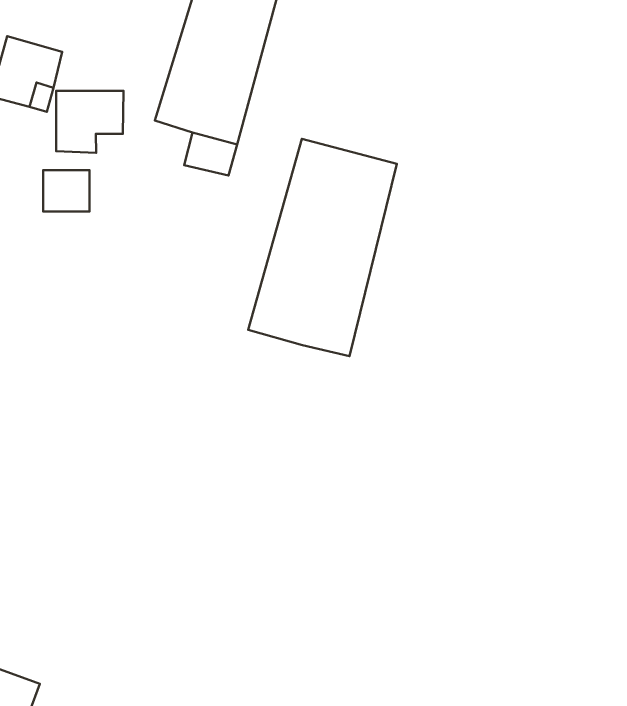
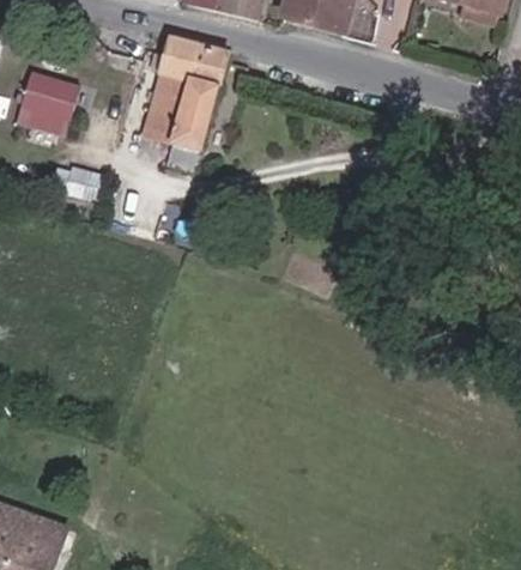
building: [56,91,124,153] -> none
building: [248,139,397,356] -> none

